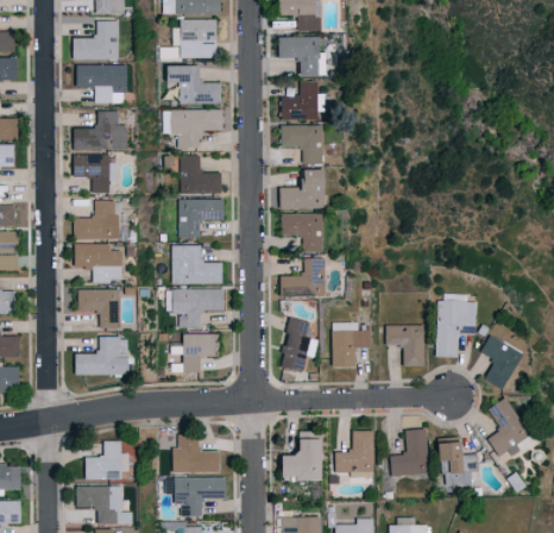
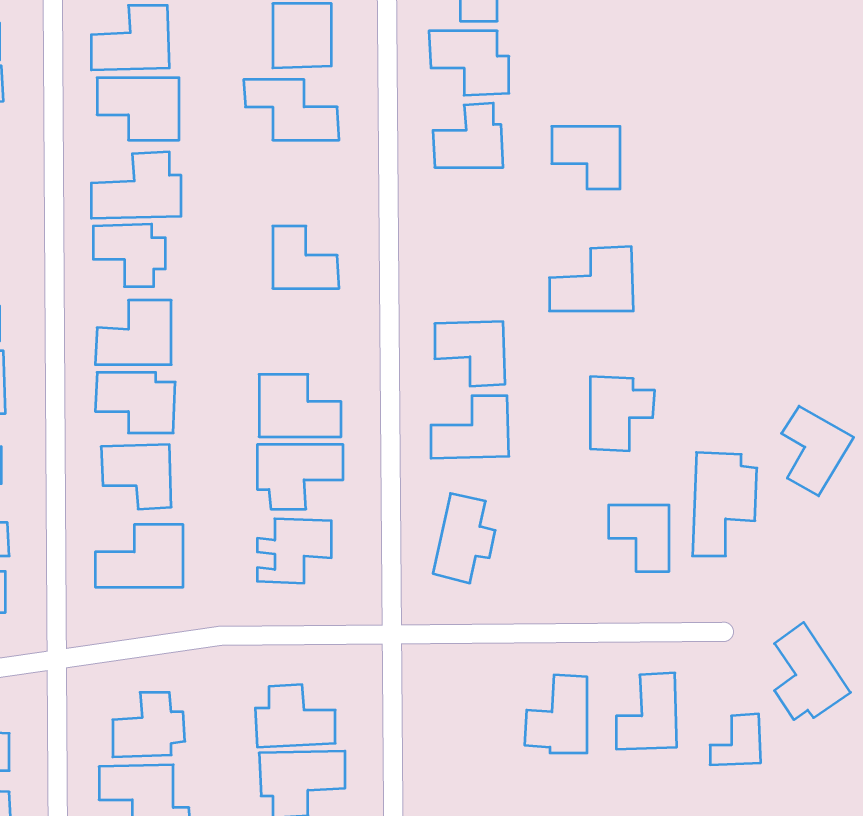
building: [164,109,224,149] -> none
building: [281,126,322,164] -> [552,126,620,189]
building: [273,170,325,209] -> [549,247,633,311]
building: [180,200,224,238] -> none
building: [333,322,372,368] -> [590,377,655,451]
building: [480,336,524,390] -> [781,406,854,496]
building: [277,432,319,481] -> none
building: [437,437,460,471] -> none

